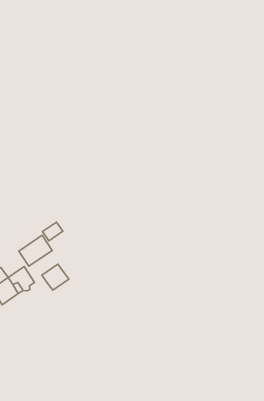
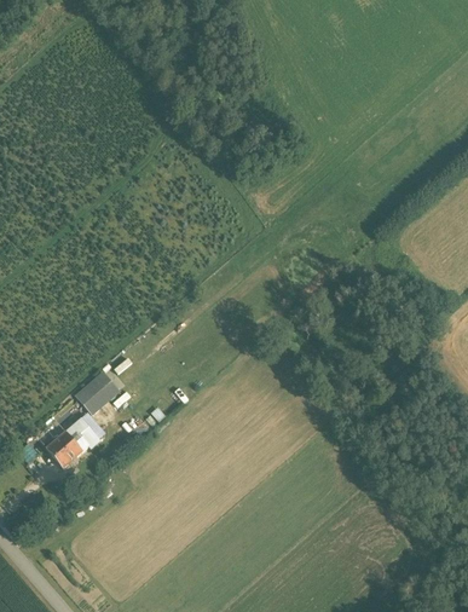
building: [42,264,69,290] -> none

